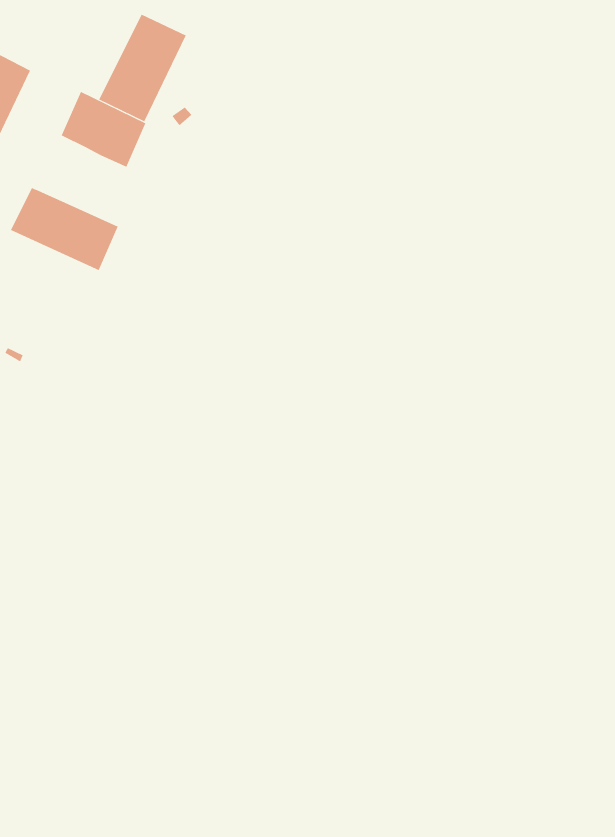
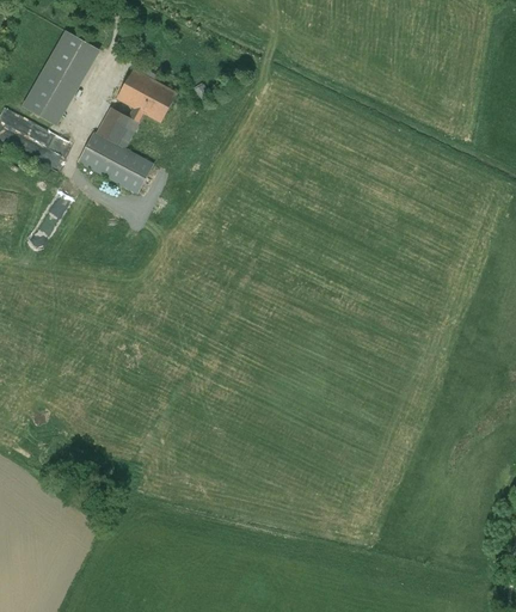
building: [99,14,187,122] -> none
building: none -> [97,106,143,147]

